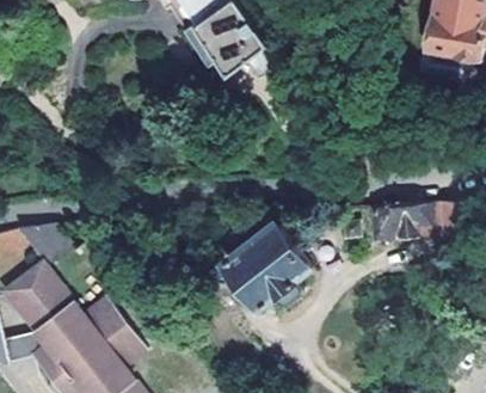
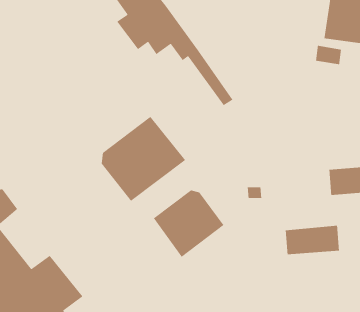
building: none -> [101,116,186,202]
building: [371,203,436,239] -> [285,225,340,255]

